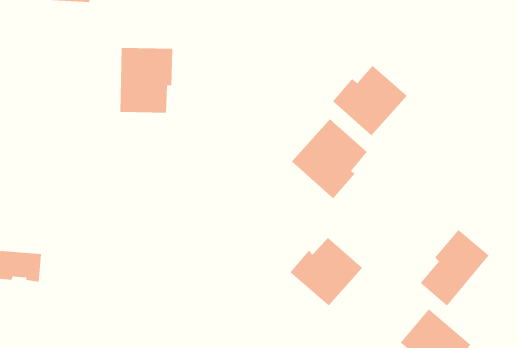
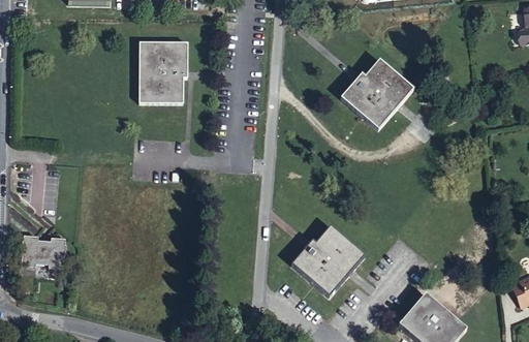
building: [291,118,368,199] -> none
building: [420,229,490,307] -> none

